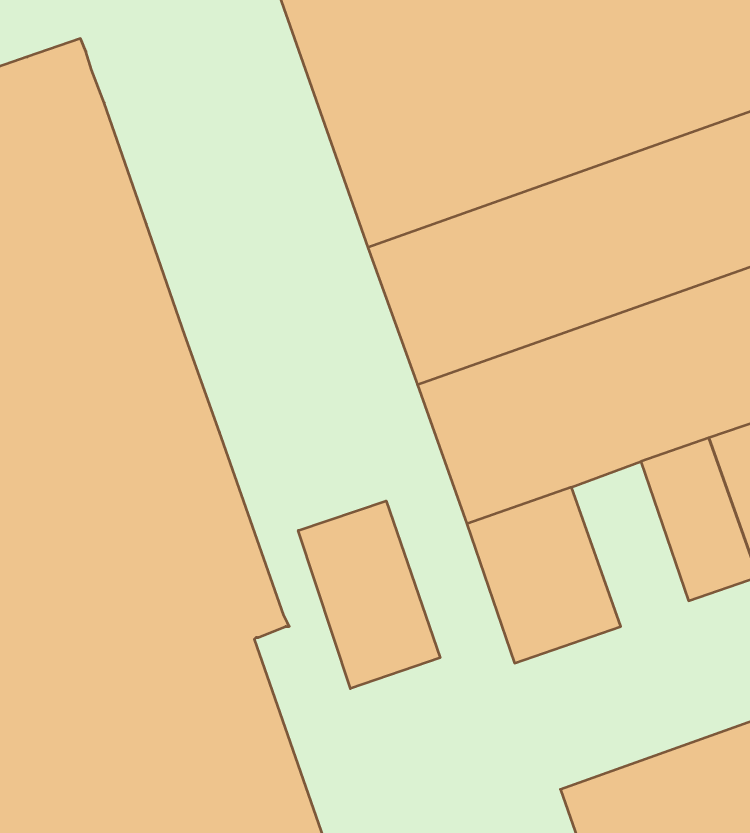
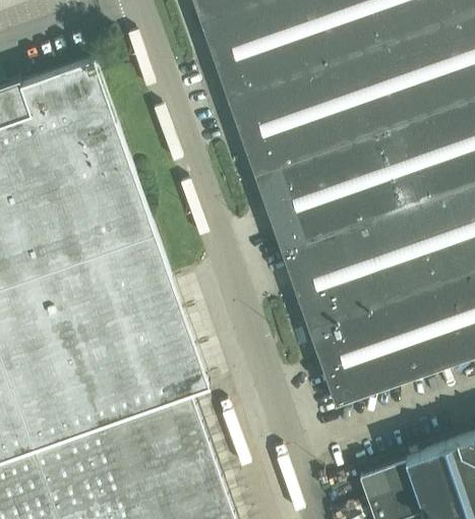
building: none -> [366,294,431,386]
building: [298,501,440,689] -> none

